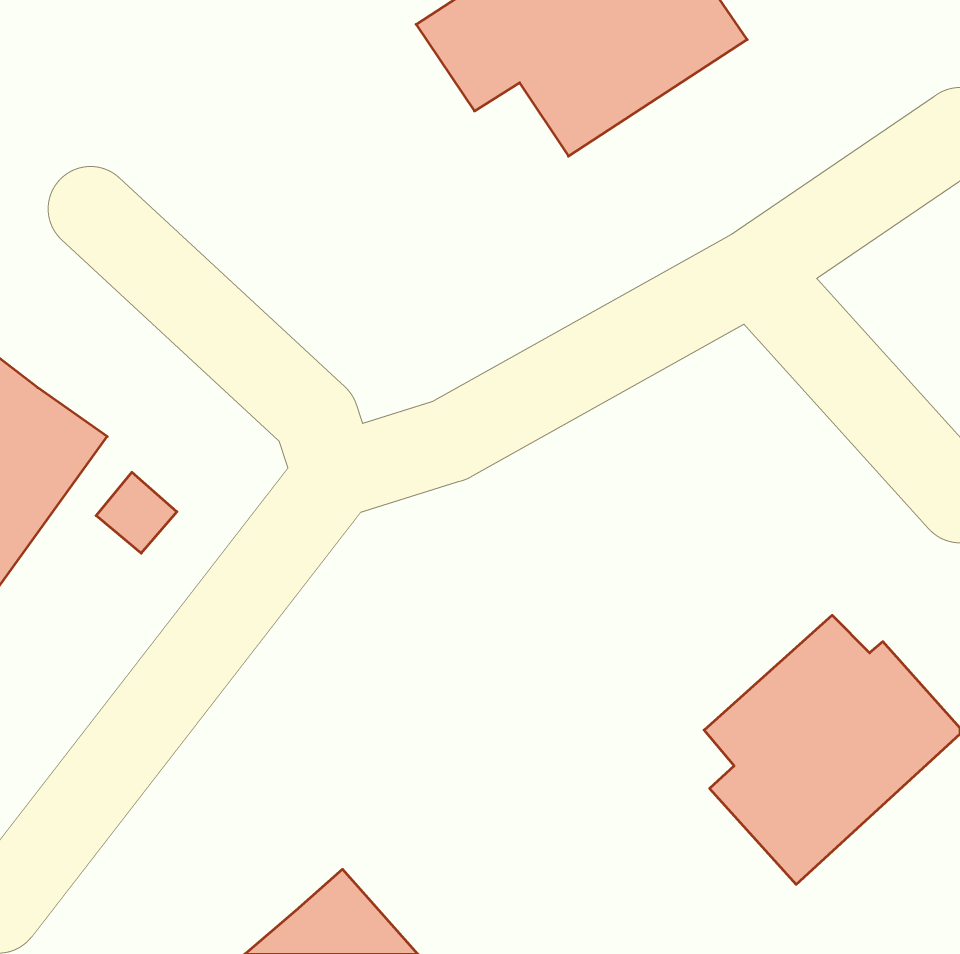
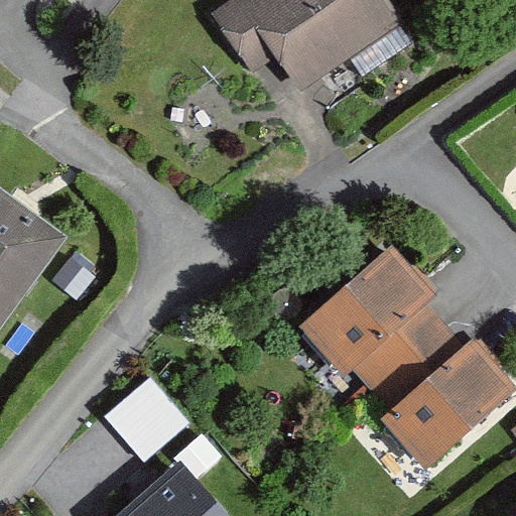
building: none -> [305,251,445,391]
building: none -> [106,378,184,457]

